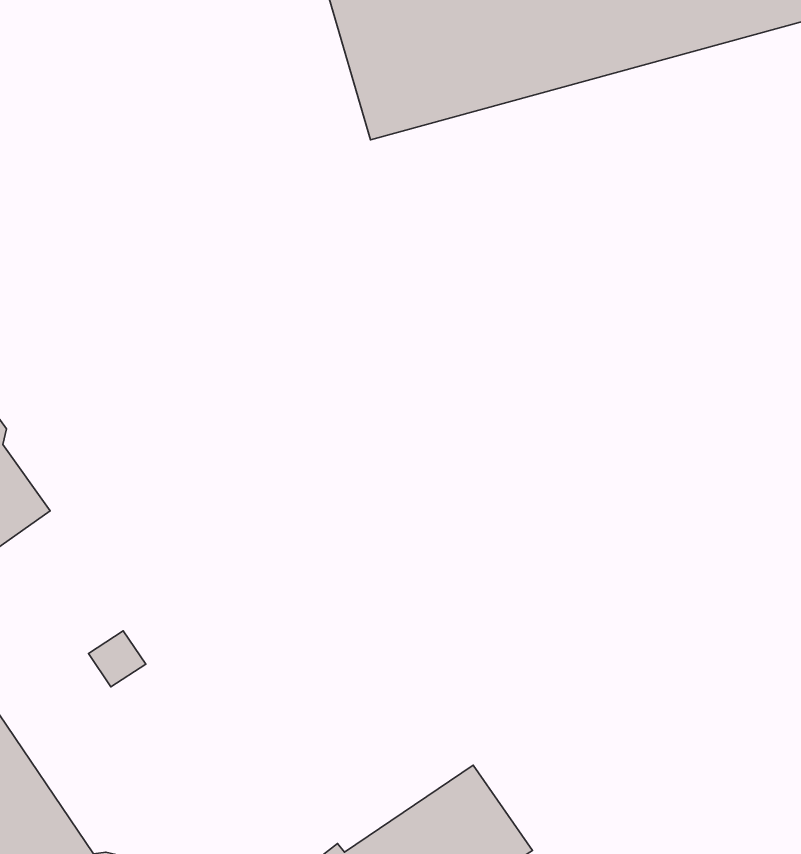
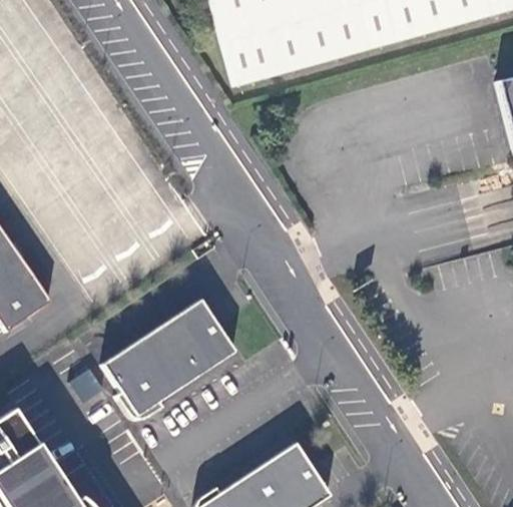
building: none -> [102,299,235,420]

